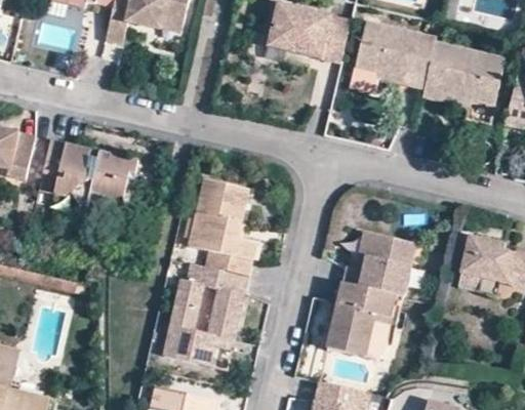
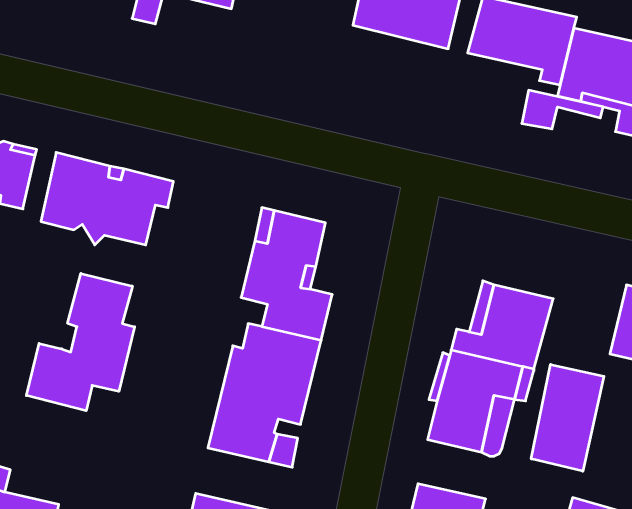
building: [350,63,410,91] -> [522,90,603,129]
building: none -> [26,273,135,411]
building: none -> [531,364,604,471]

